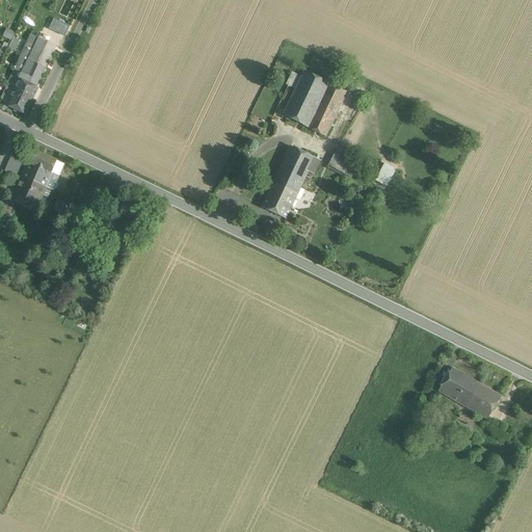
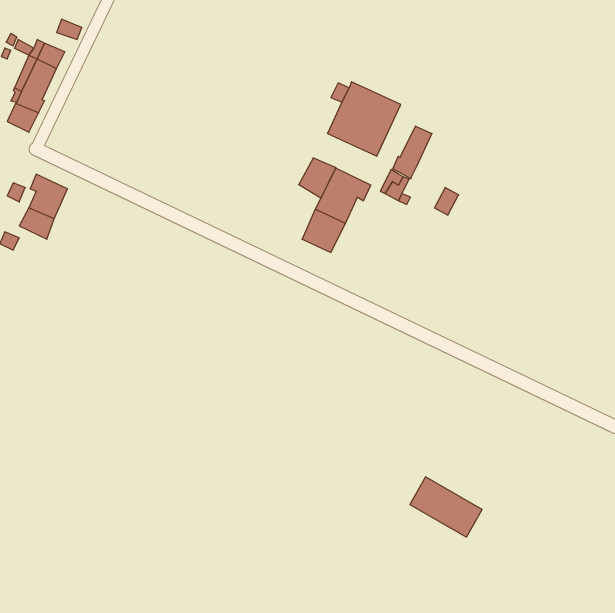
building: none -> [393,126,432,179]
building: none -> [299,158,336,198]
building: [438,367,501,419] -> [410,477,482,537]

